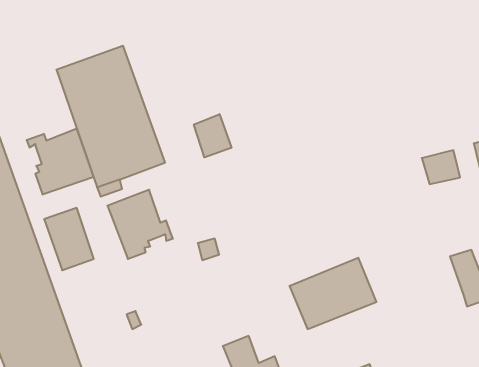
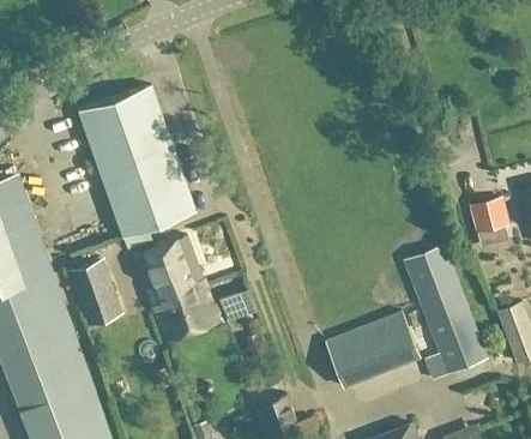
building: [194,114,231,157] -> none
building: [27,129,94,195] -> none
building: none -> [403,246,488,379]
building: none -> [156,285,216,341]

